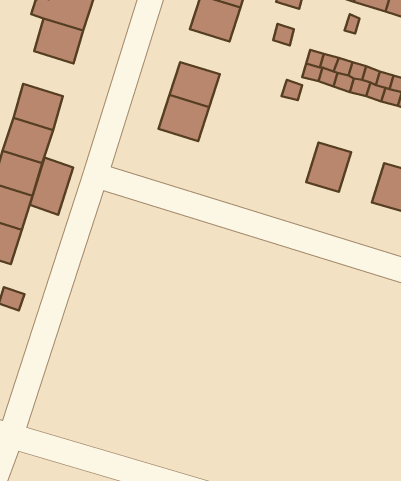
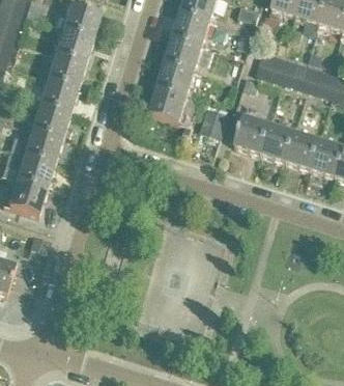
building: none -> [167,37,204,72]
building: none -> [48,54,86,88]
building: none -> [287,103,321,169]
building: none -> [200,107,229,137]
building: none -> [237,115,271,154]
building: [30,157,73,215] -> none

